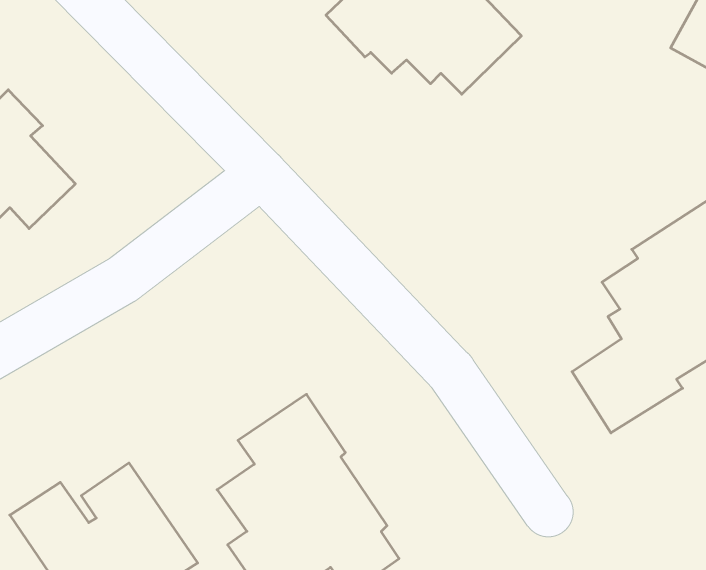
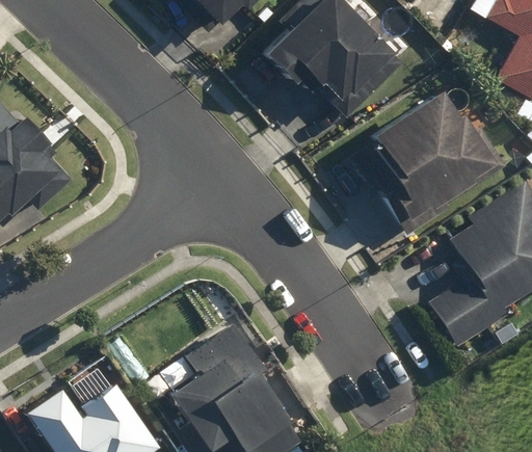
building: none -> [344,98,500,237]

